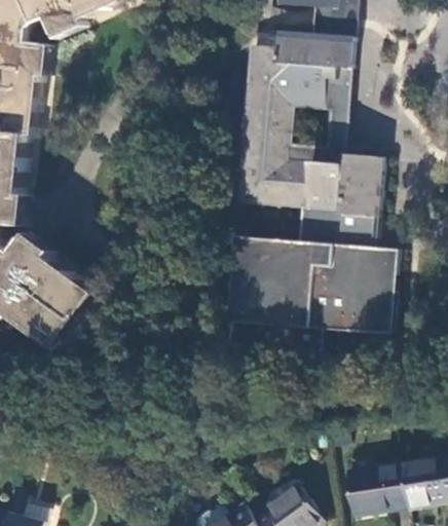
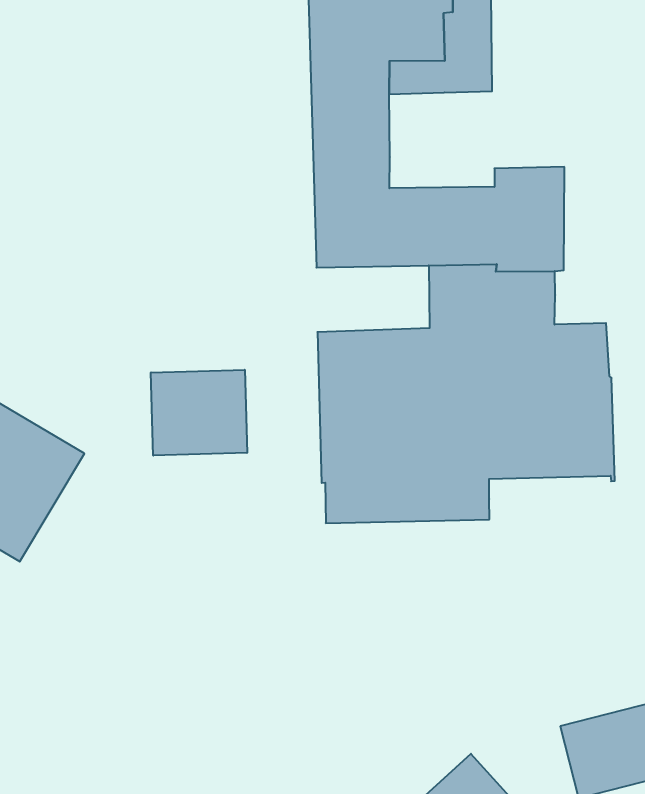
building: [283,112,345,167] -> none
building: none -> [151,370,247,456]

